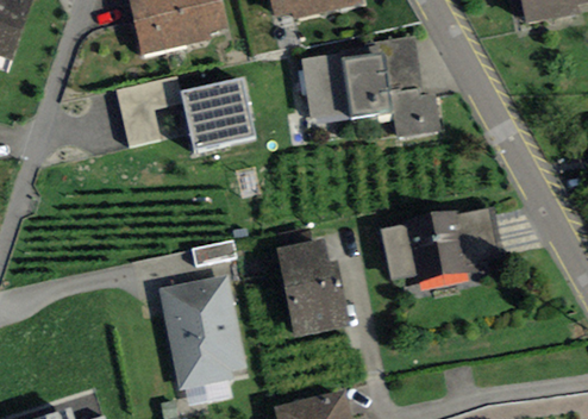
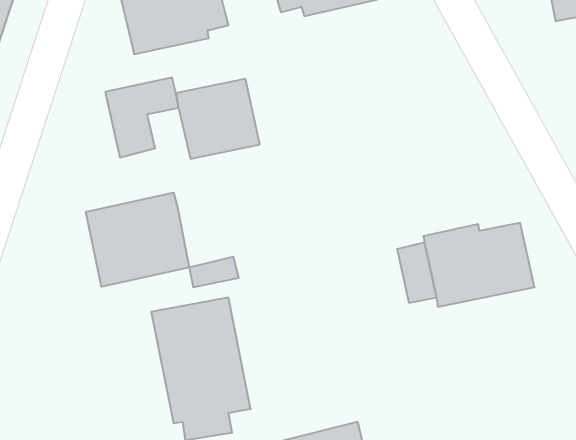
building: [300,36,440,137] -> none
building: none -> [86,193,189,287]
building: [275,238,349,337] -> none

